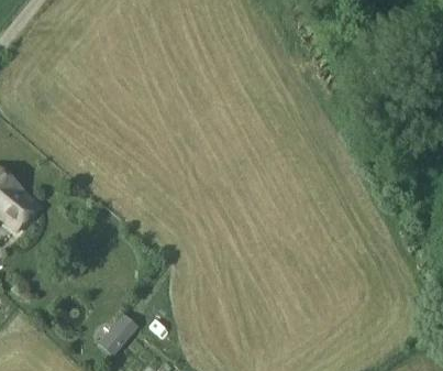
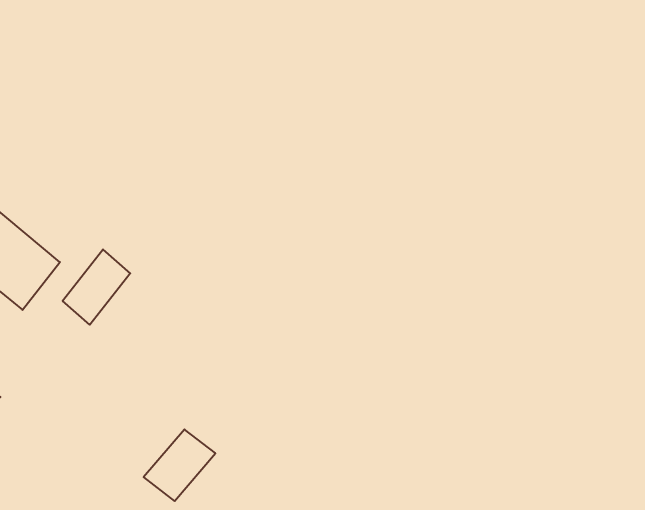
building: none -> [63,249,130,325]

